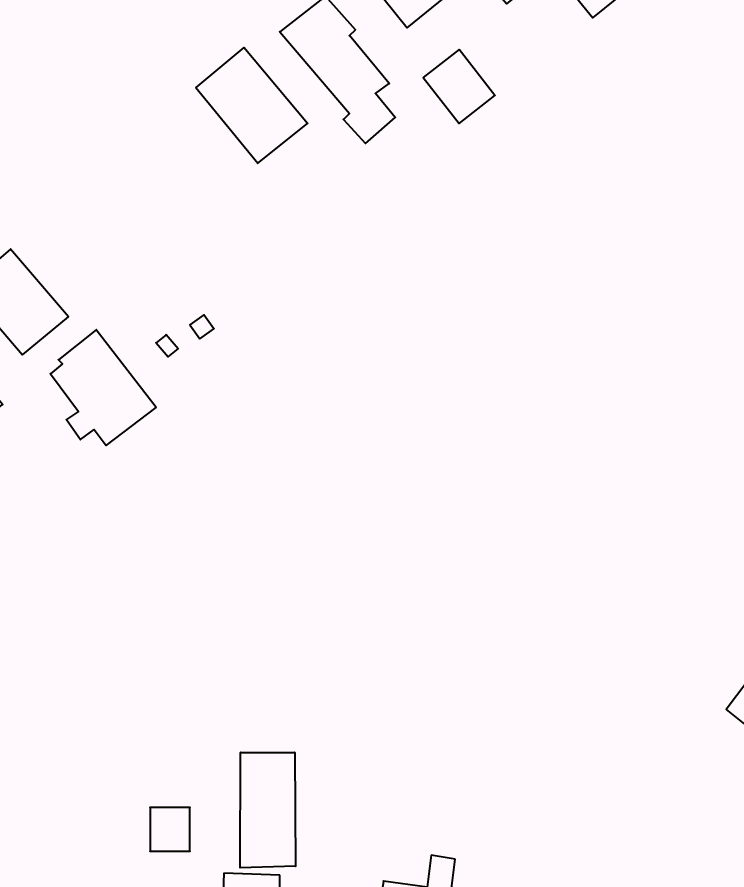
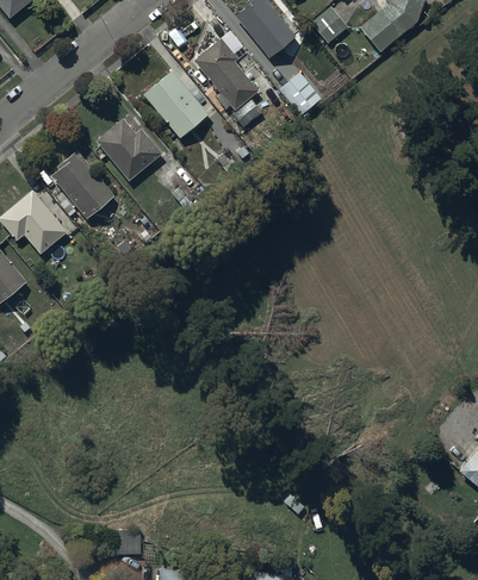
building: none -> [97,118,162,180]
building: [50,330,156,445] -> [51,149,114,218]
building: [240,752,296,868] -> none

